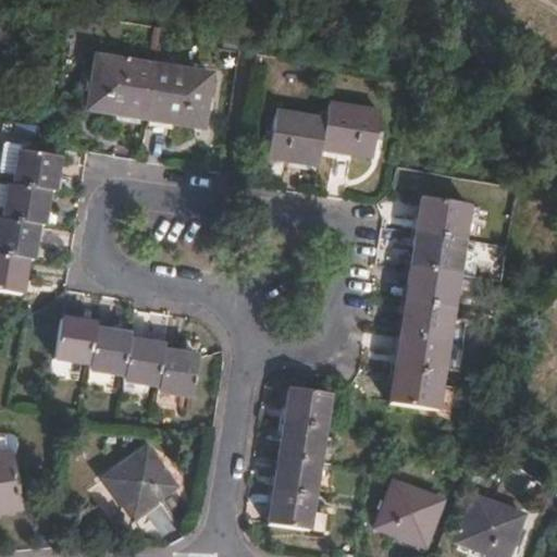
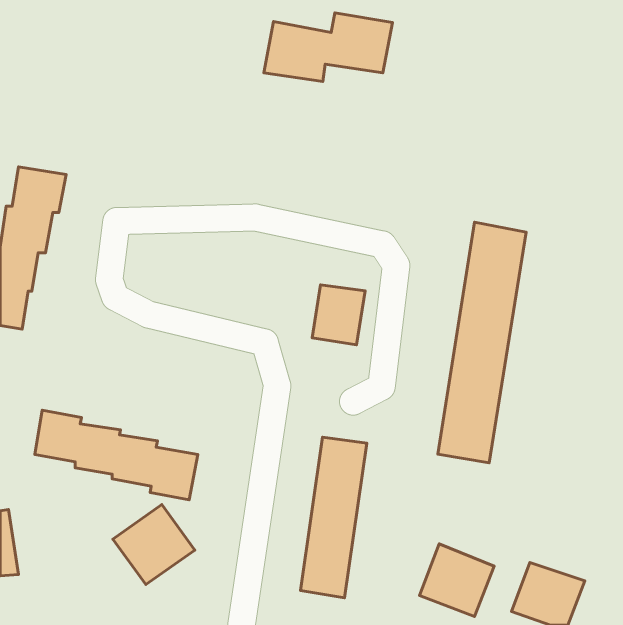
building: [90,54,213,126] -> none
building: [268,102,382,163] -> [264,13,393,82]
building: none -> [312,285,365,345]
building: [55,317,200,396] -> [35,410,198,500]

